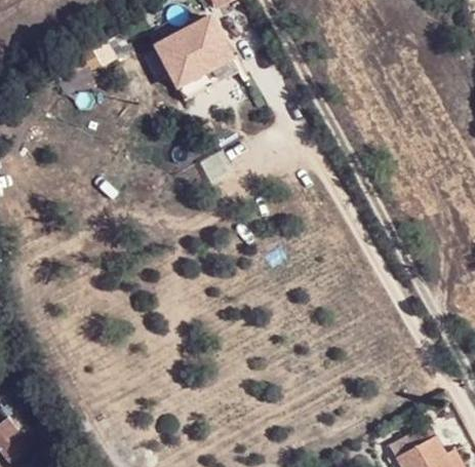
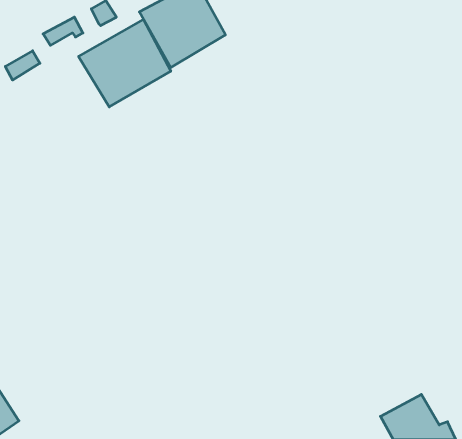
building: none -> [79,20,171,107]

